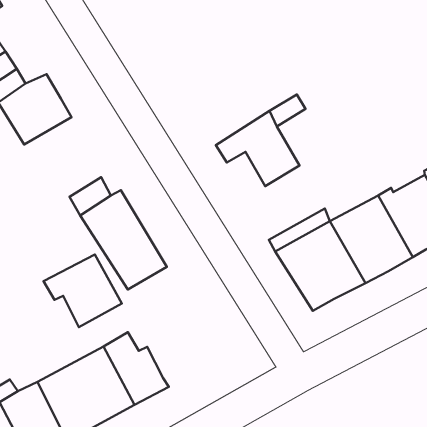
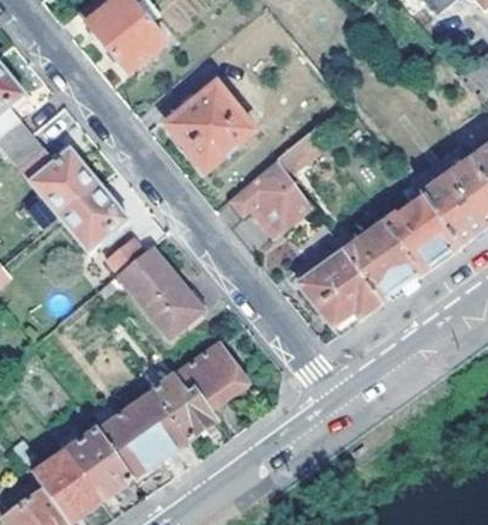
building: none -> [168,83,253,168]
building: none -> [59,186,127,251]
building: [44,255,122,327] -> [174,343,247,410]

